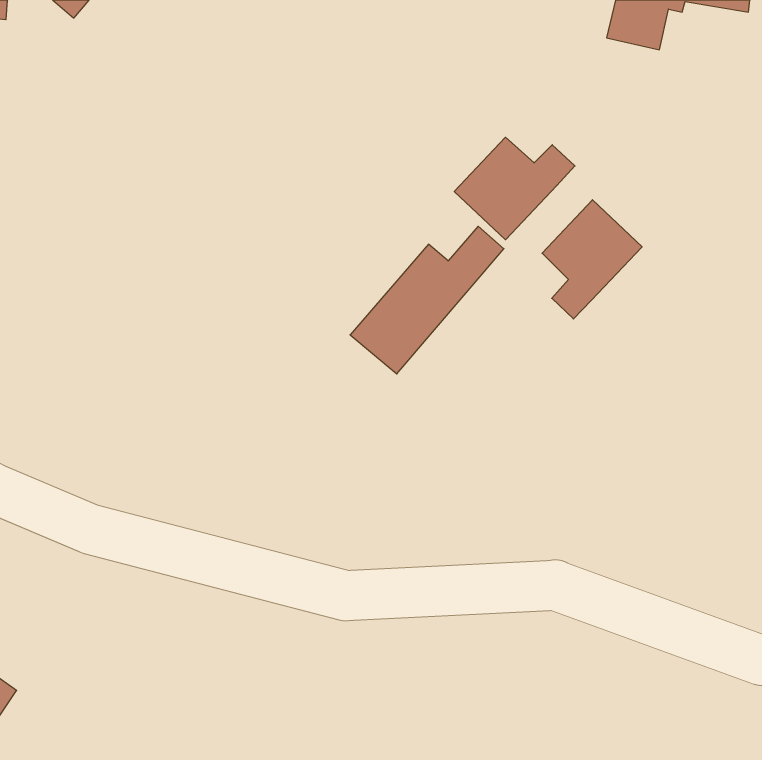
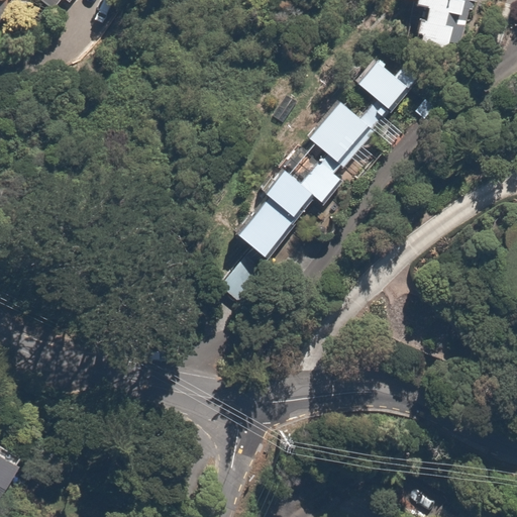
building: none -> [355,57,413,113]
building: [542,200,642,319] -> none

